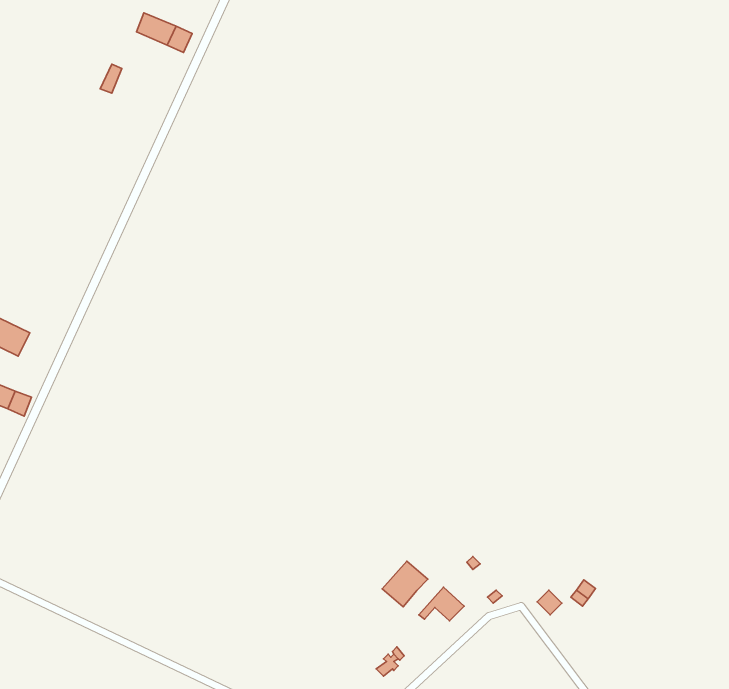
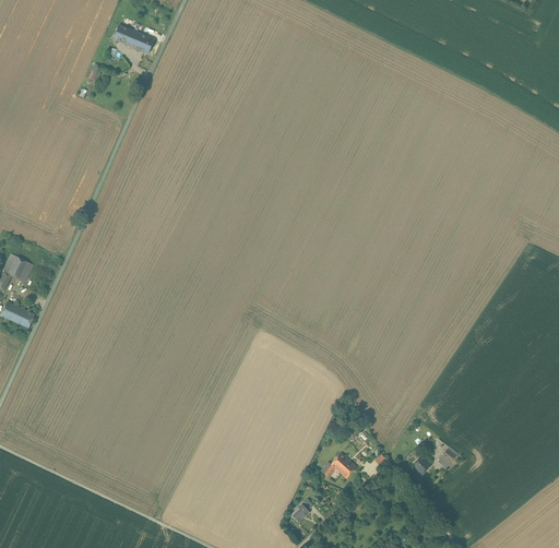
building: [382,561,428,607] -> none

